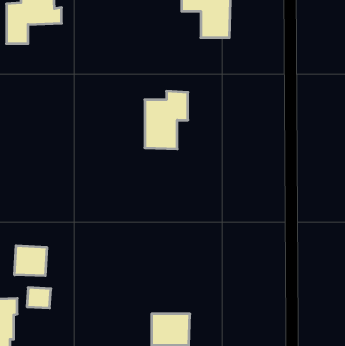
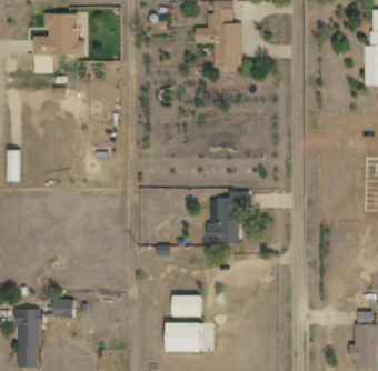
building: [145,91,188,149] -> [209,190,249,243]
building: [15,246,47,276] -> none
building: none -> [175,295,203,317]

